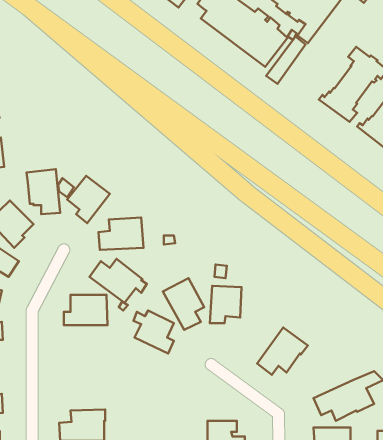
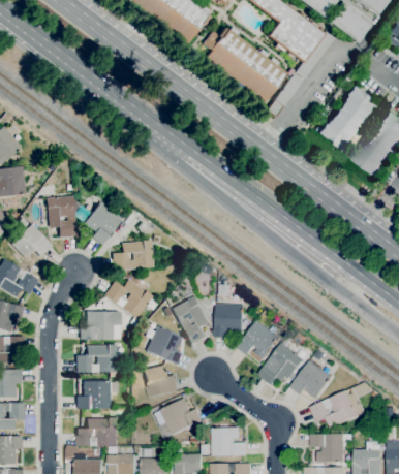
building: none -> [237,319,280,357]
building: none -> [78,345,117,377]
building: none -> [290,359,333,398]
building: none -> [143,365,179,397]
building: none -> [78,381,119,408]
building: none -> [156,397,204,438]

